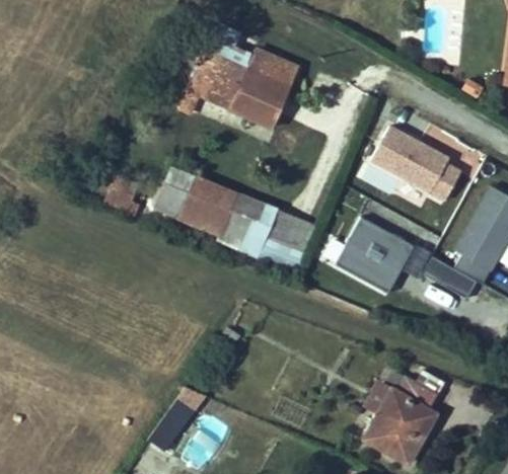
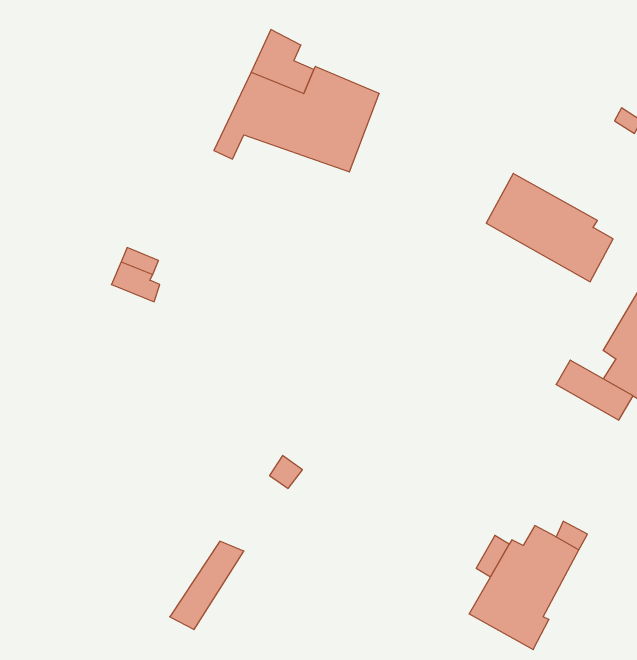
building: [153,164,318,270] -> none
building: [335,218,415,295] -> none

